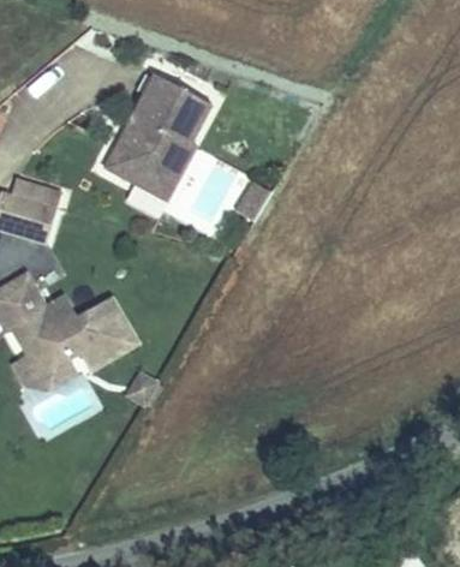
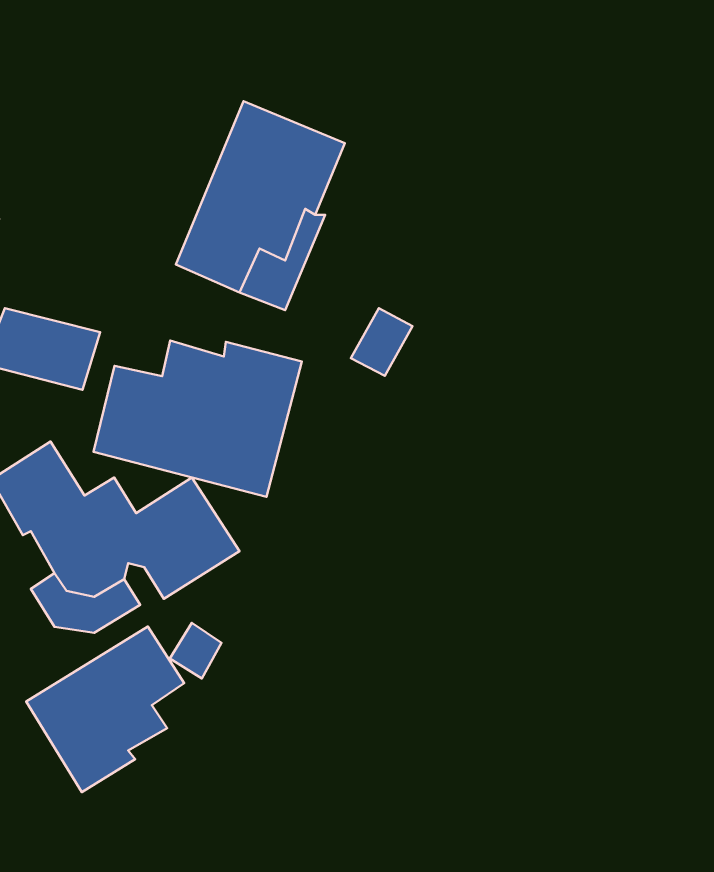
building: none -> [94,341,302,497]
building: none -> [26,626,184,792]

